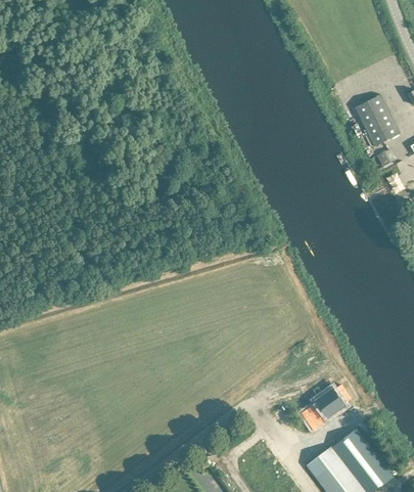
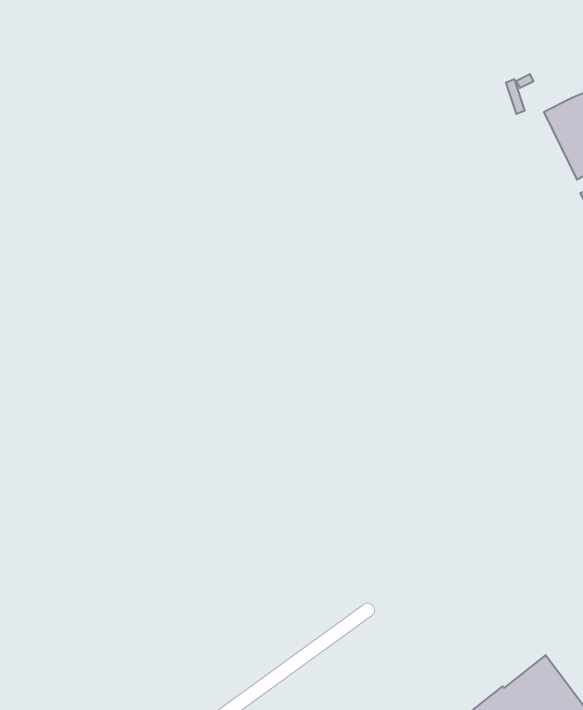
building: [301,386,349,430] -> none

